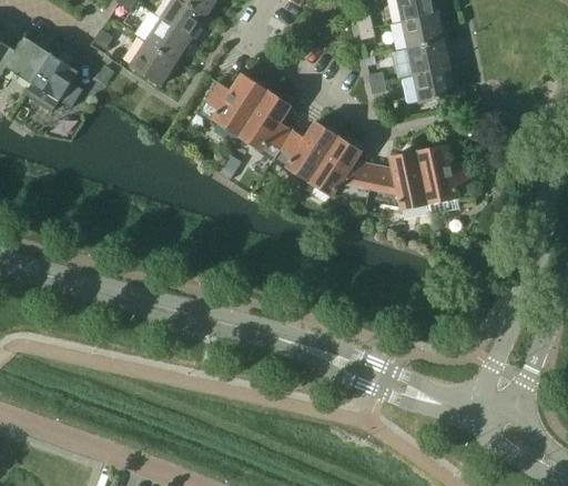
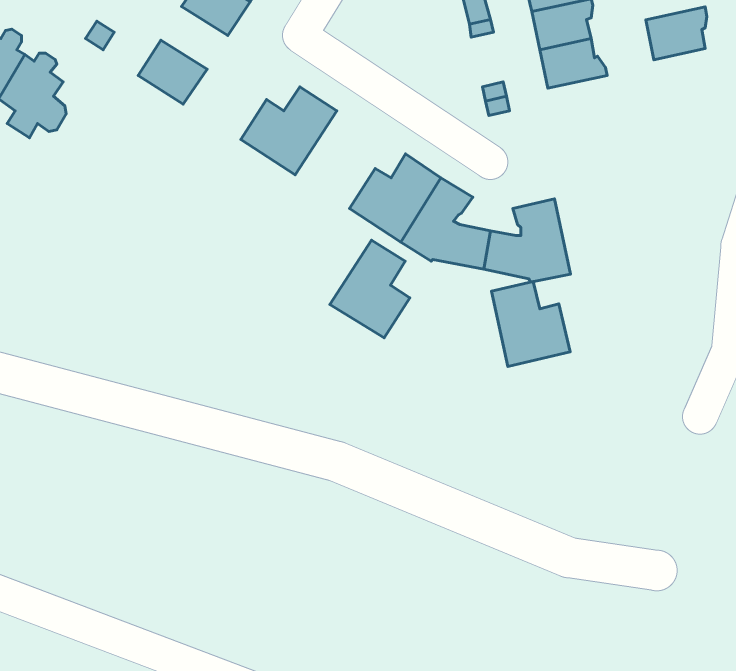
building: [143,18,190,61] -> none
building: [412,65,454,102] -> [646,7,707,60]
building: [236,90,292,158] -> [330,240,410,338]
building: [416,144,470,203] -> [492,281,570,366]

